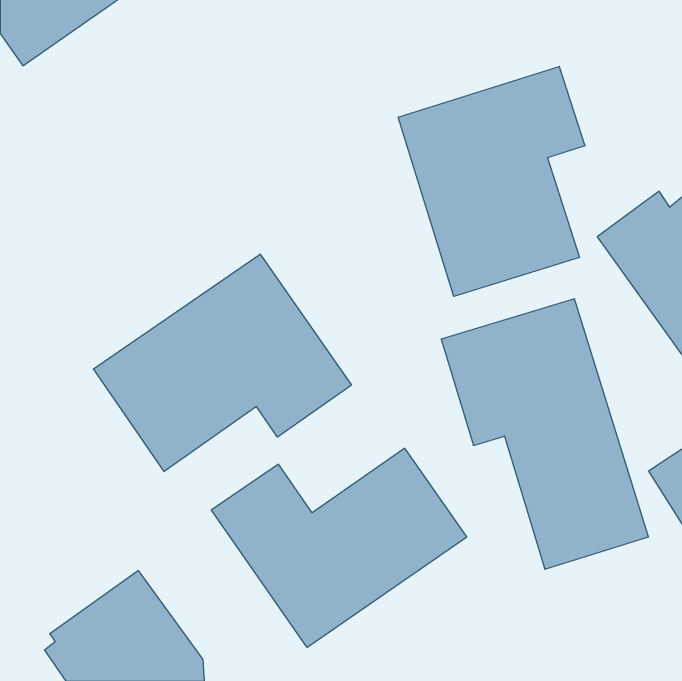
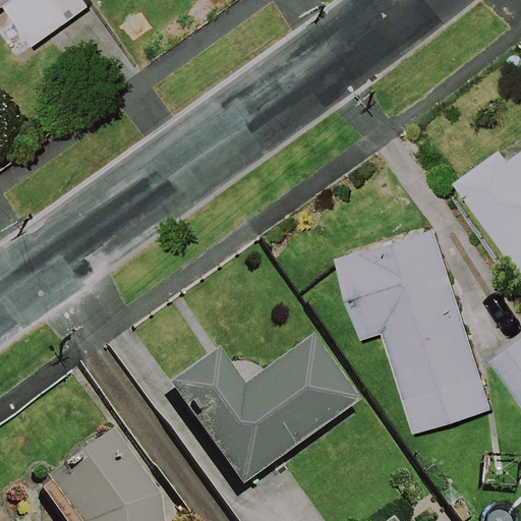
building: [398,66,585,296] -> none
building: [93,254,351,472] -> none

